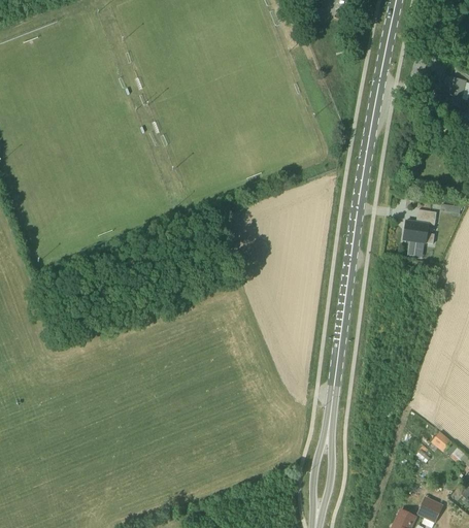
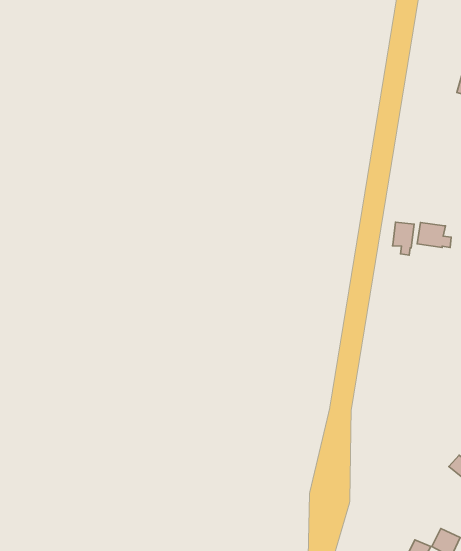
building: none -> [392,222,414,255]

